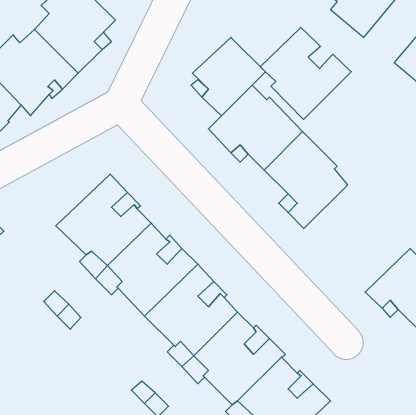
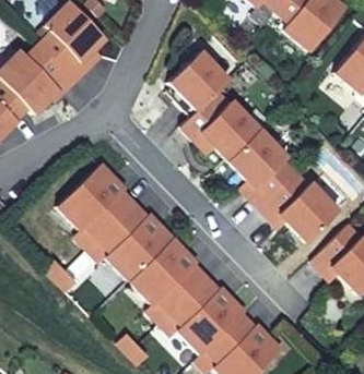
building: [260,27,351,119] -> none
building: none -> [261,172,340,243]

